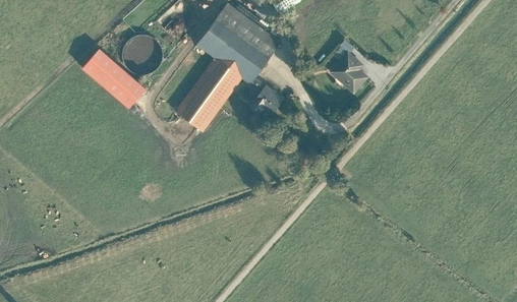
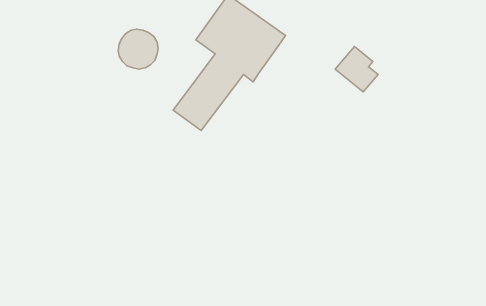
building: [80,49,147,109] -> none
building: [249,76,283,115] -> none

